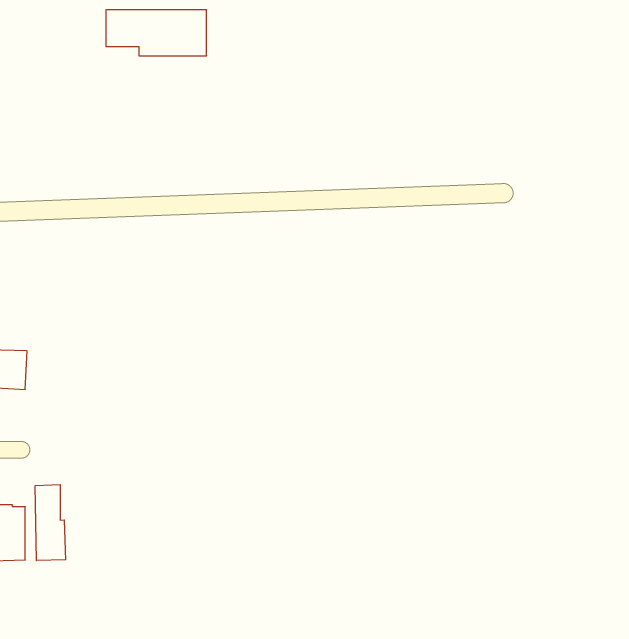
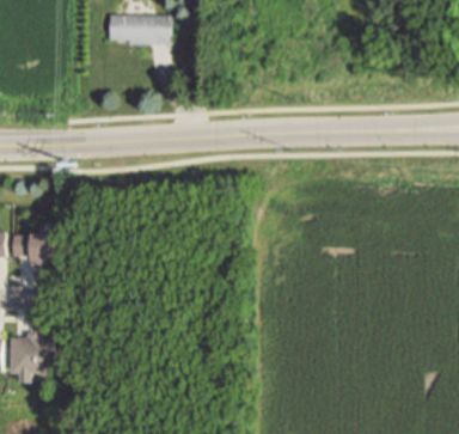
building: [35,485,66,561] -> none

